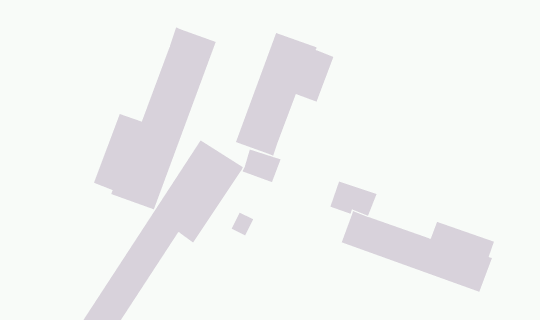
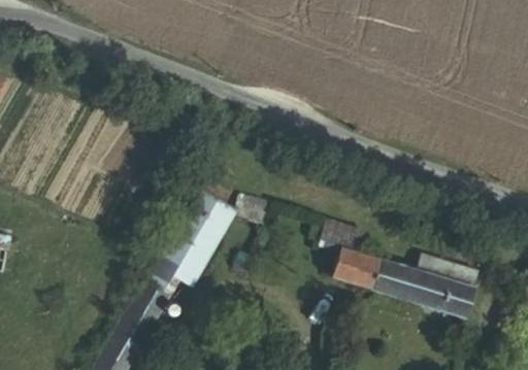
building: [93,27,216,210] -> none
building: [235,32,334,157] -> none

